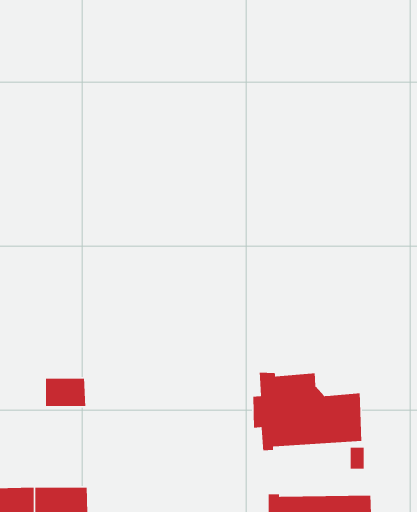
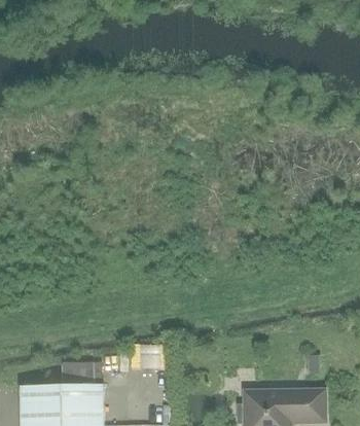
building: [253,372,362,451] -> none
building: [45,378,86,407] -> [62,362,94,385]

